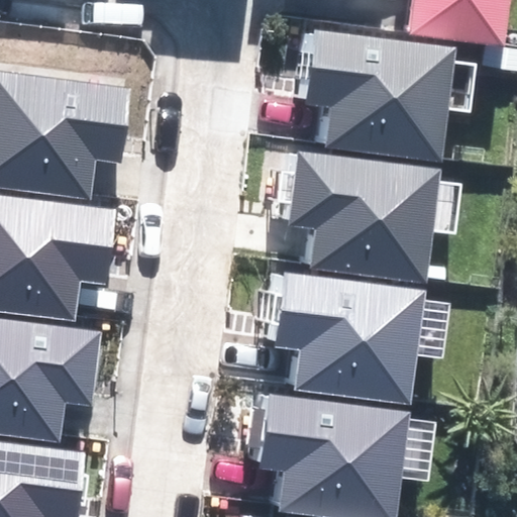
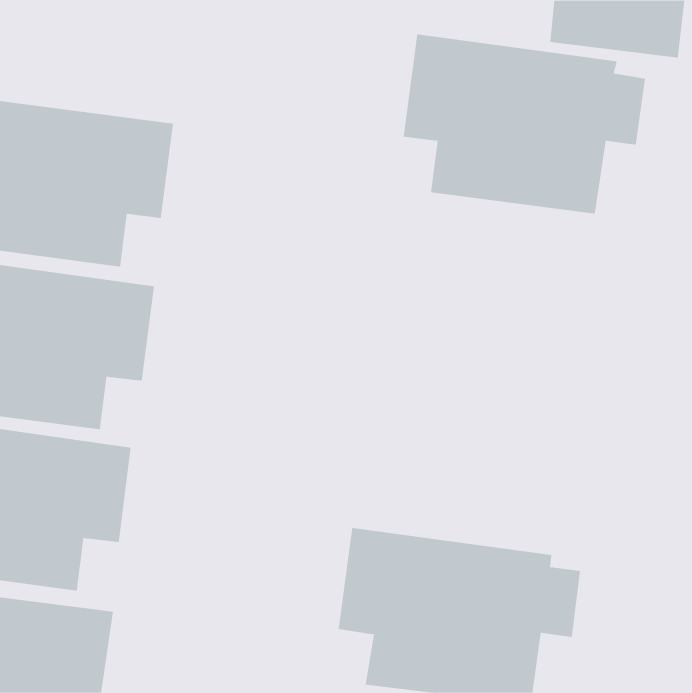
building: [278,150,459,284] -> none
building: [268,270,448,404] -> none

